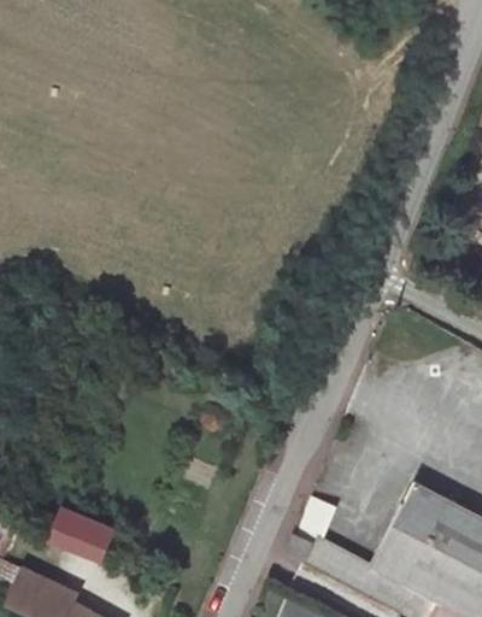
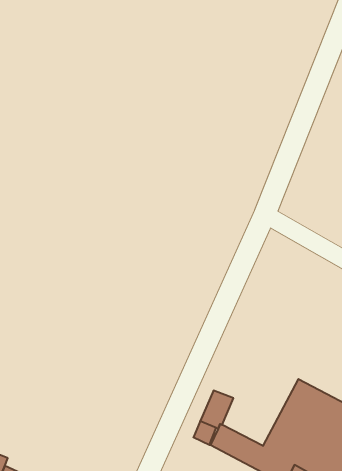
building: [51,513,116,559] -> none

